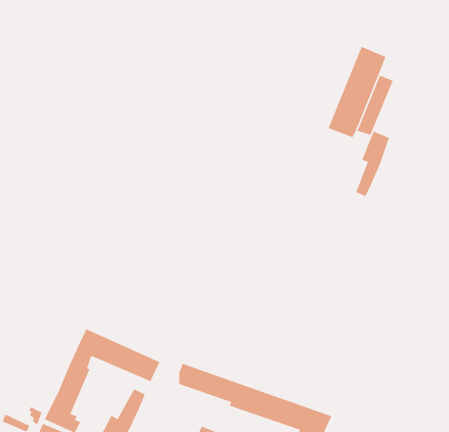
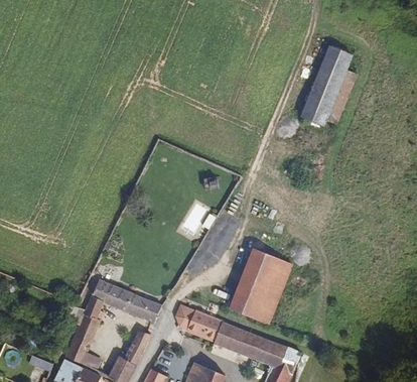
building: [355,131,390,197] -> none
building: none -> [233,248,291,322]

